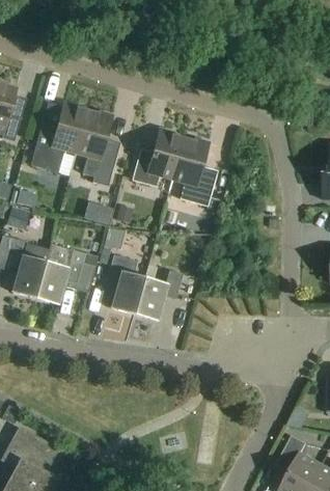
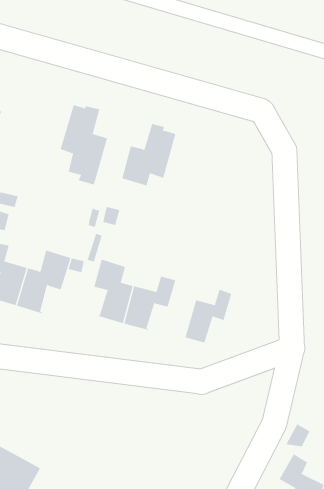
building: [31,101,88,168] -> none
building: [172,137,218,206] -> none
building: none -> [185,289,232,344]

